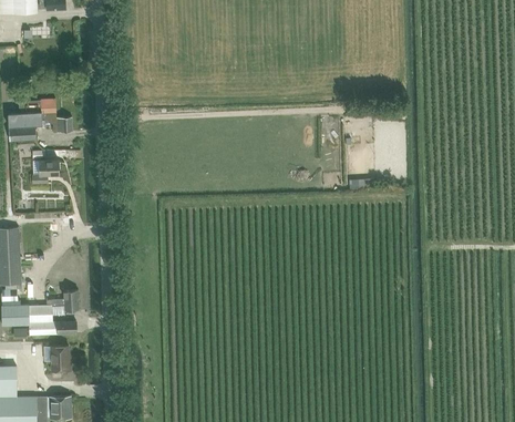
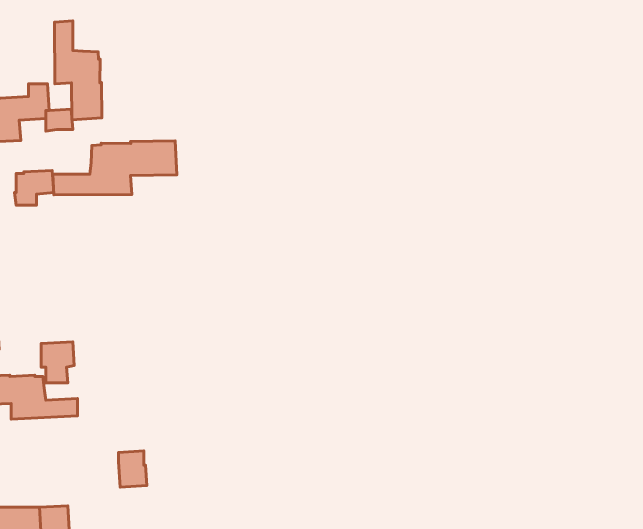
building: none -> [54,21,102,120]
building: none -> [53,141,177,195]
building: [51,346,71,371] -> [119,451,147,487]

